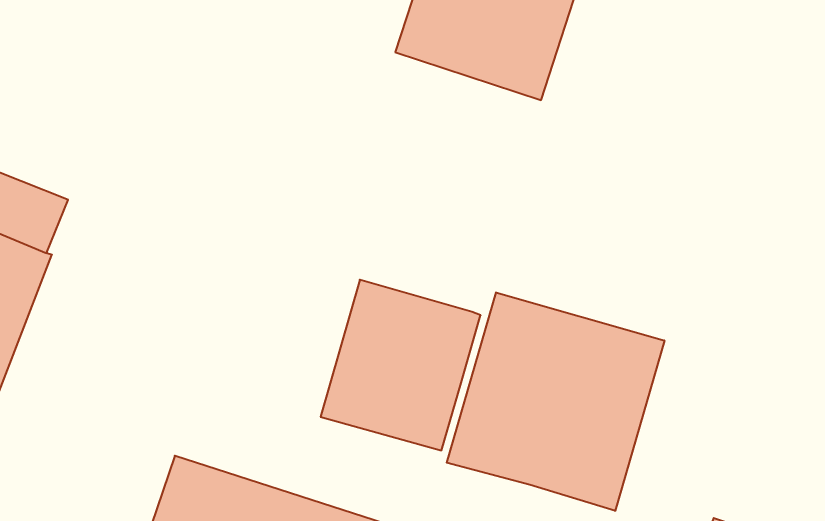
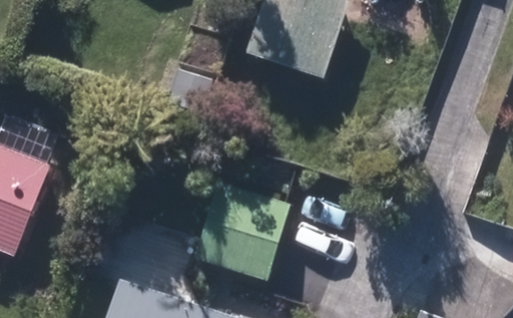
building: [447,292,664,511] -> none

